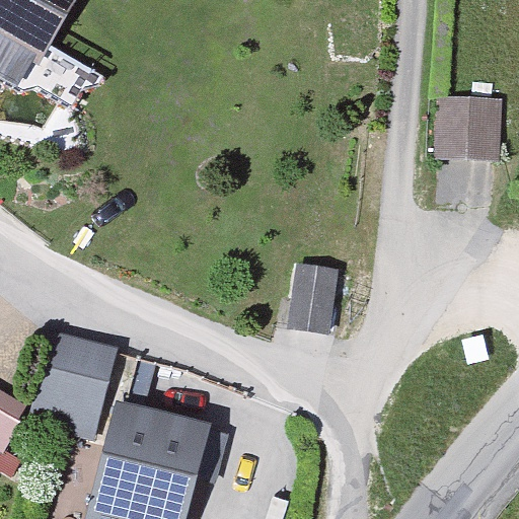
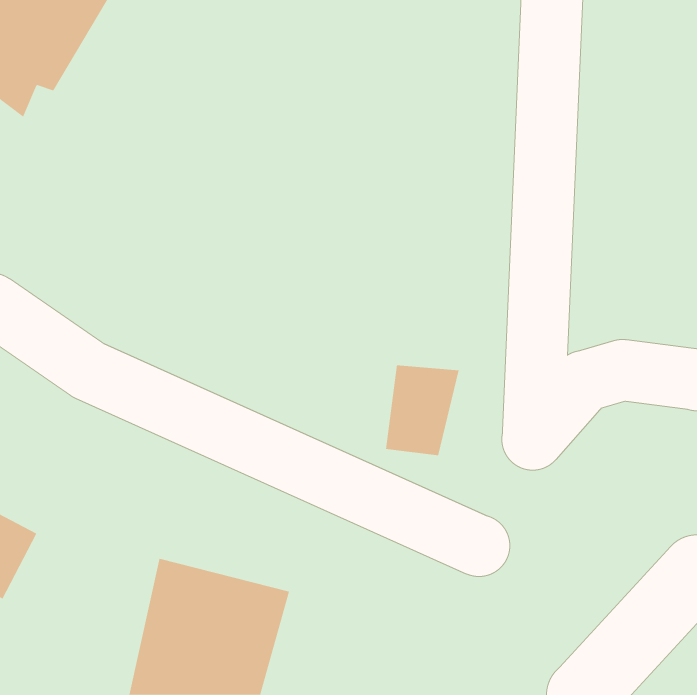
building: [435,101,499,166] -> none
building: [35,320,116,418] -> none

